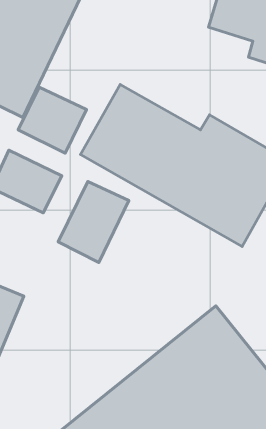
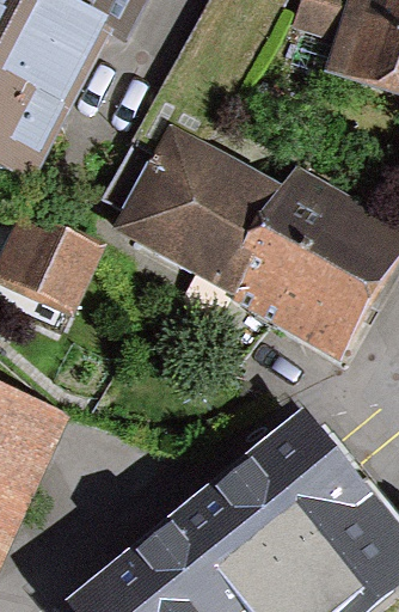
building: [18,87,86,153] -> none
building: [58,181,129,262] -> none

